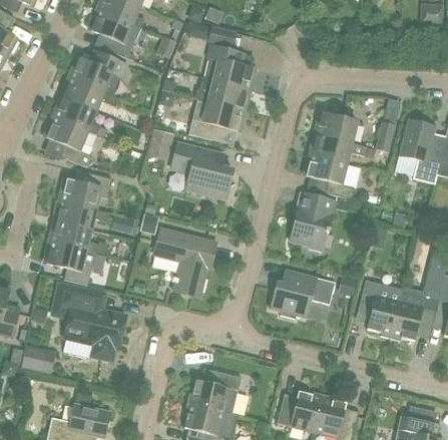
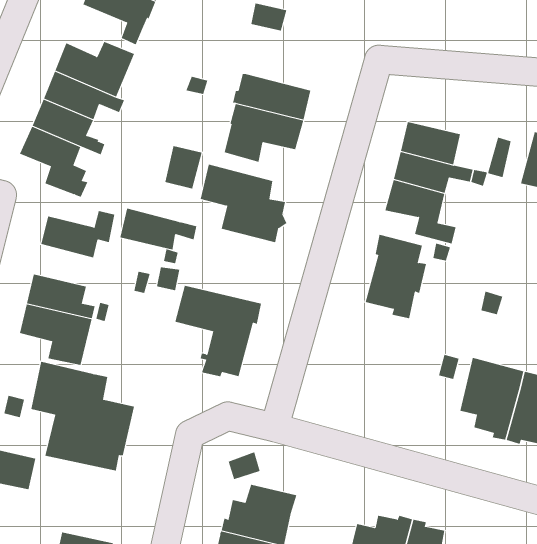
building: [203,45,256,89] -> none
building: [53,198,108,229] -> [119,208,197,250]
building: [270,270,335,319] -> none

